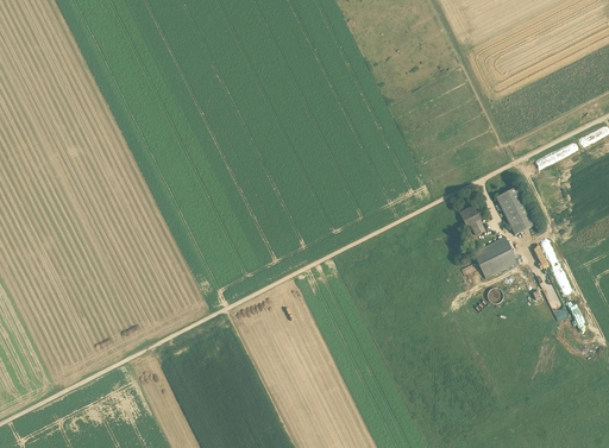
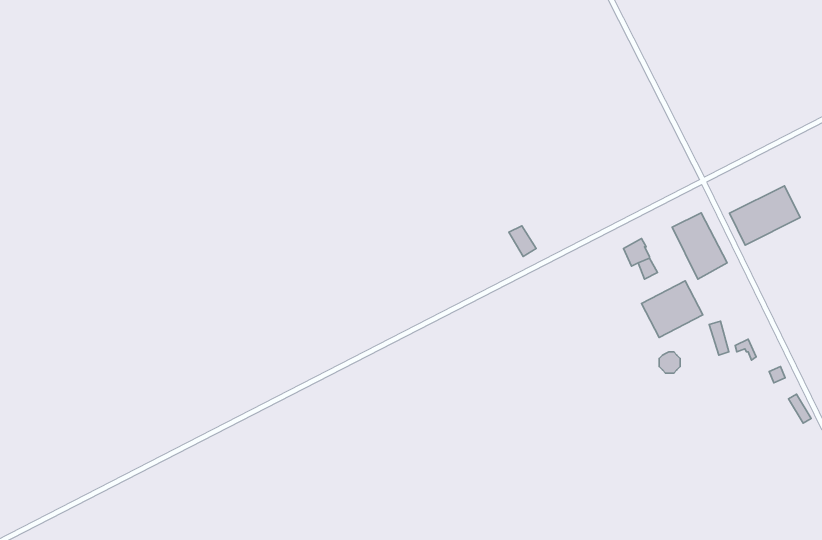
building: none -> [729,186,800,245]

